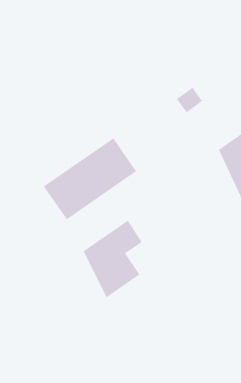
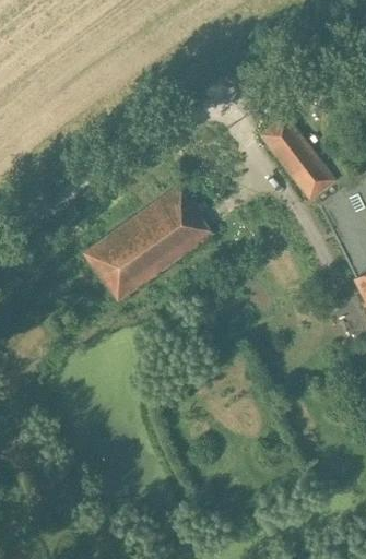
building: none -> [279,139,333,198]
building: [83,220,143,298] -> none

